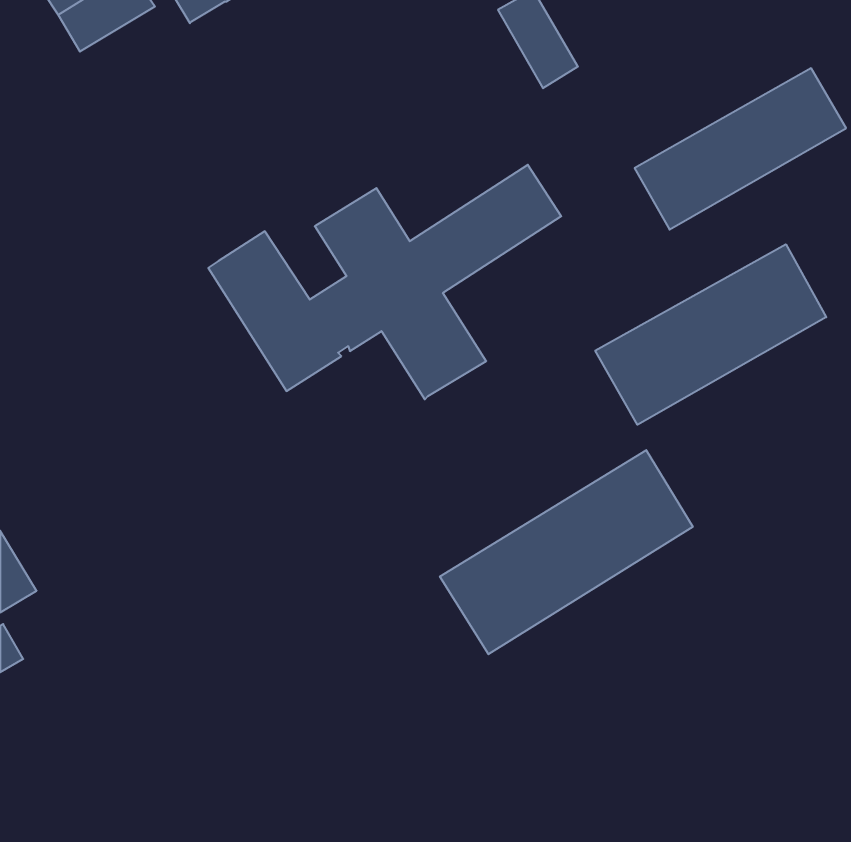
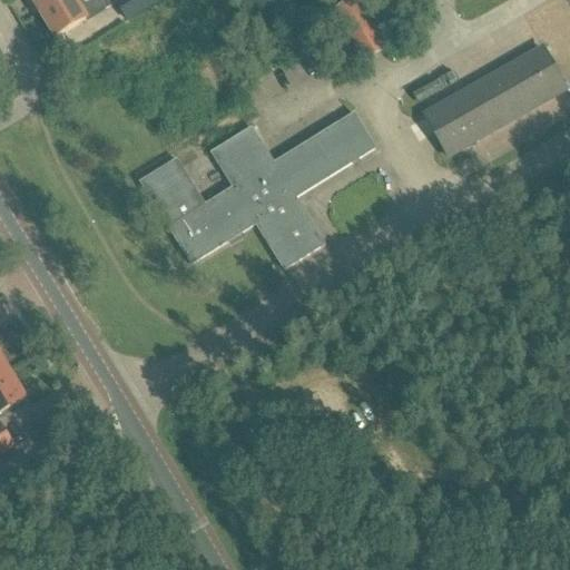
building: [595,244,826,425] -> none
building: [440,450,693,654] -> none

